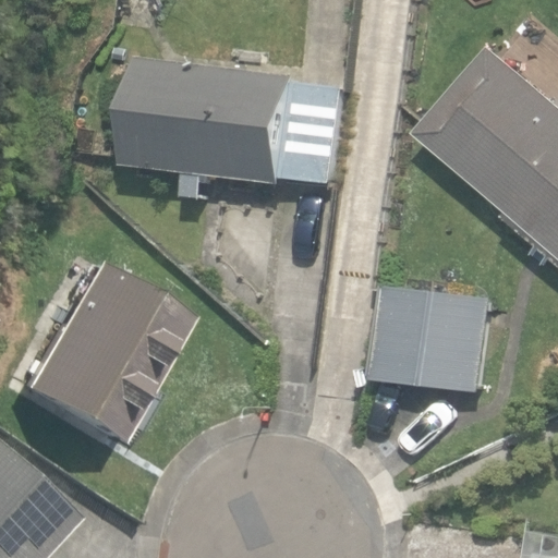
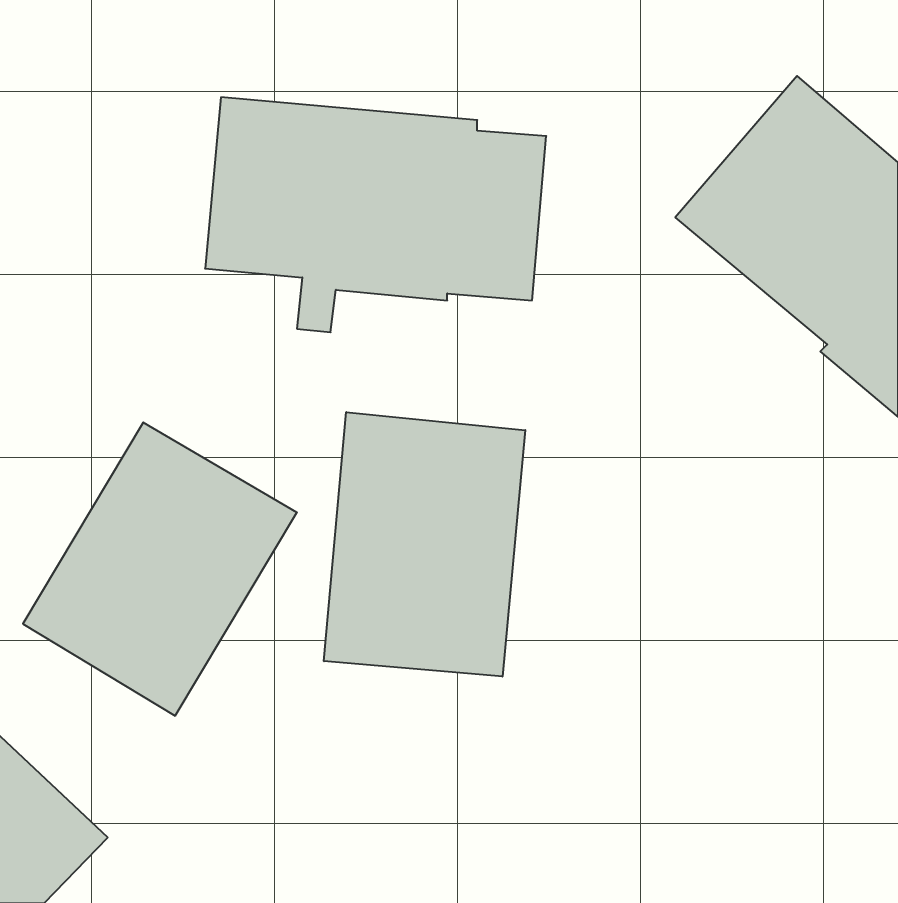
building: none -> [324,412,525,677]
building: [373,290,488,390] -> none

